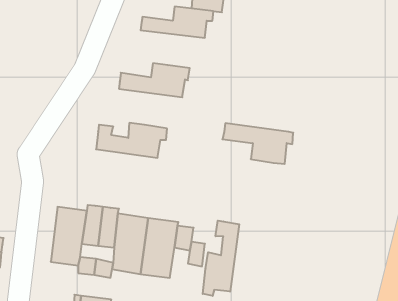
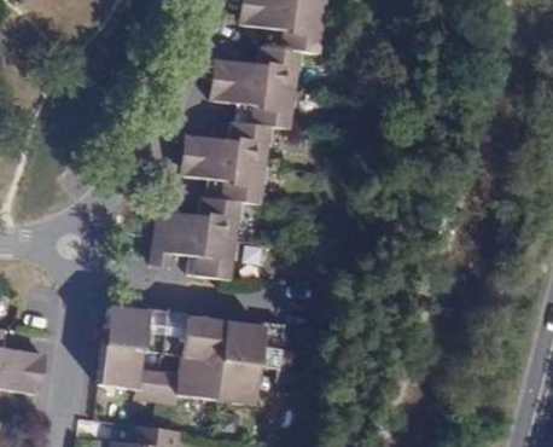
building: none -> [208,83,299,134]
building: [222,123,293,164] -> [180,158,270,210]
building: none -> [150,236,239,285]
building: [203,221,239,296] -> none

